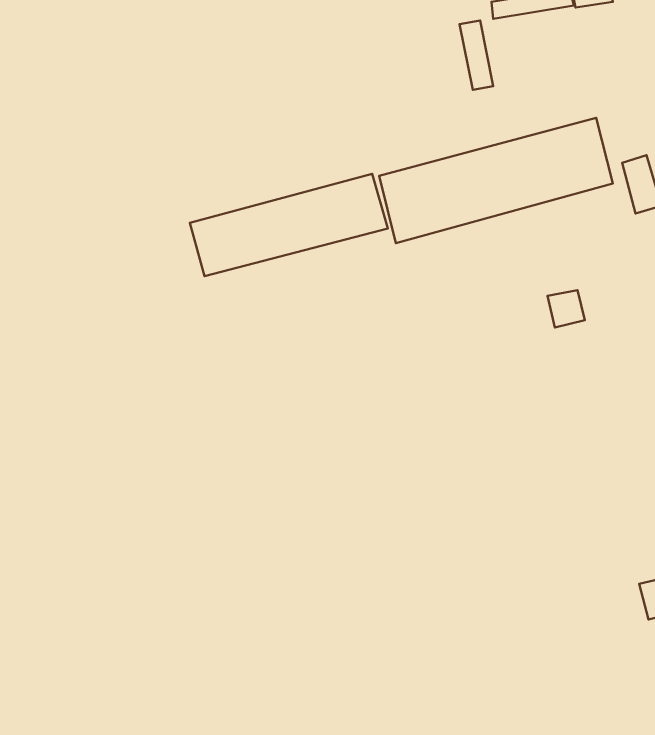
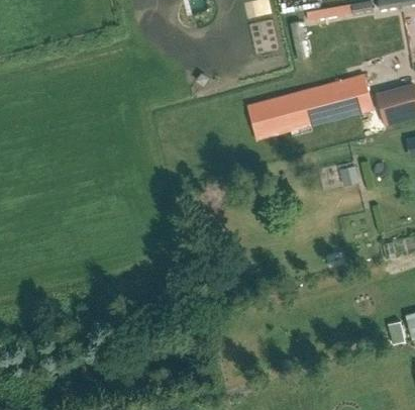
building: [190,174,388,276] -> none

